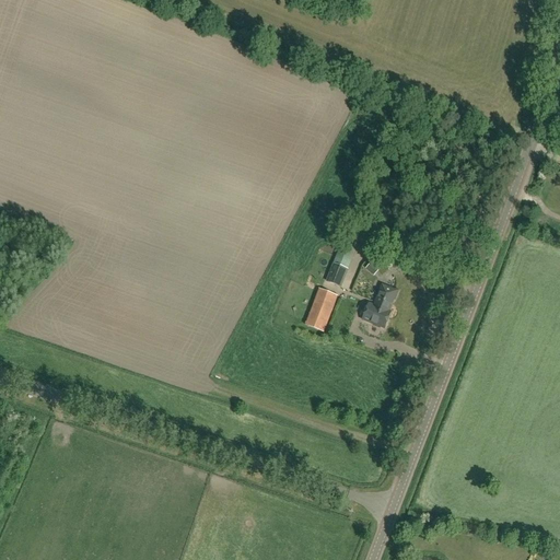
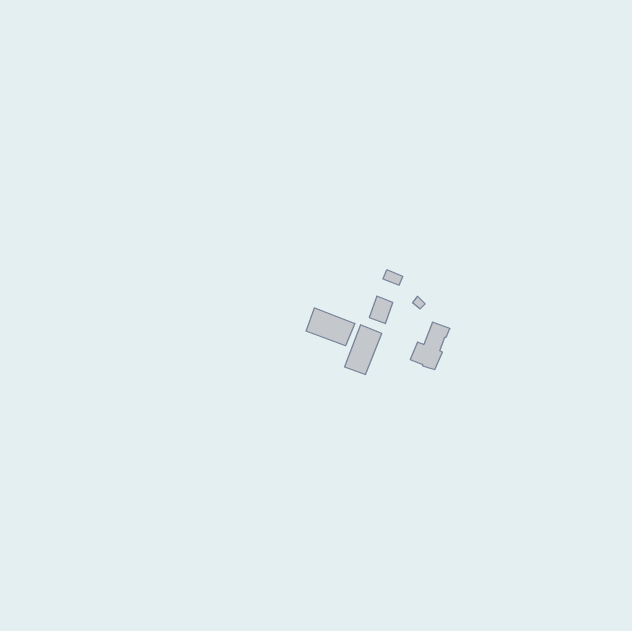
building: none -> [306,308,355,346]

